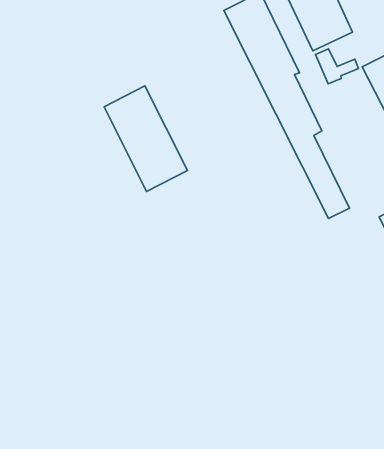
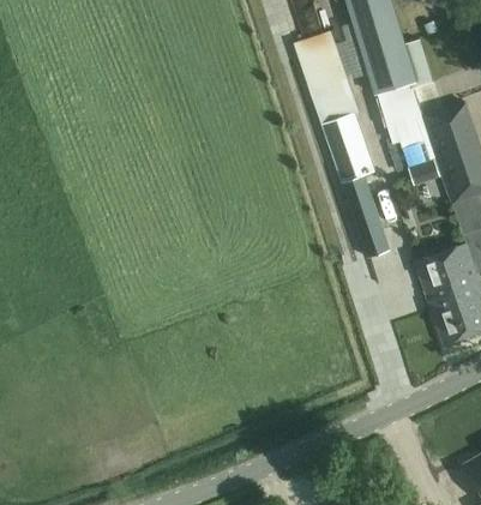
building: [104,86,187,192] -> none

